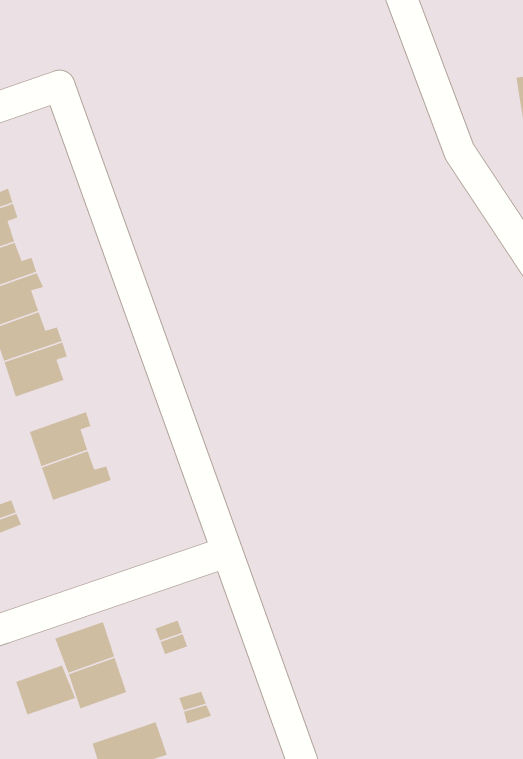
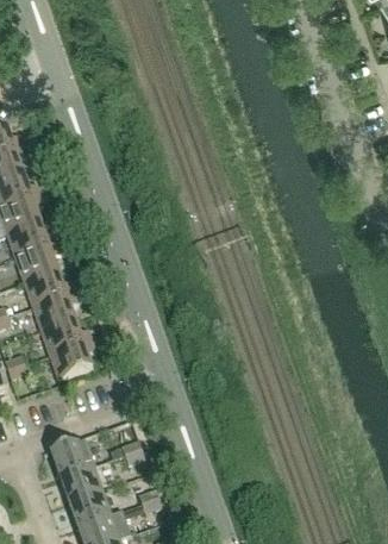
building: none -> [23,273,73,308]
building: none -> [49,343,94,382]
building: [15,665,76,715] -> [68,492,111,527]

